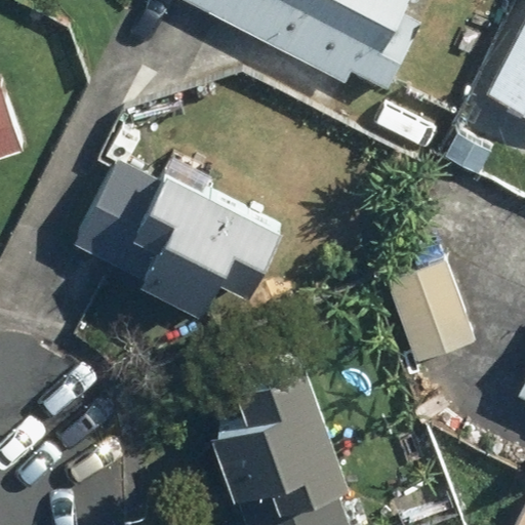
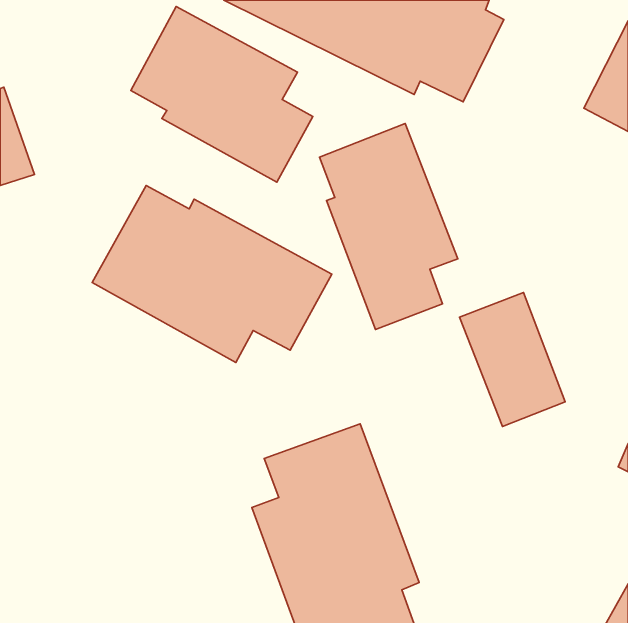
building: none -> [131,7,313,182]
building: none -> [320,124,458,330]

